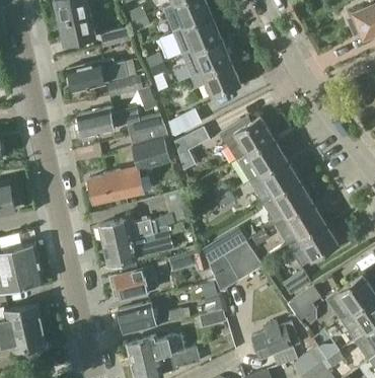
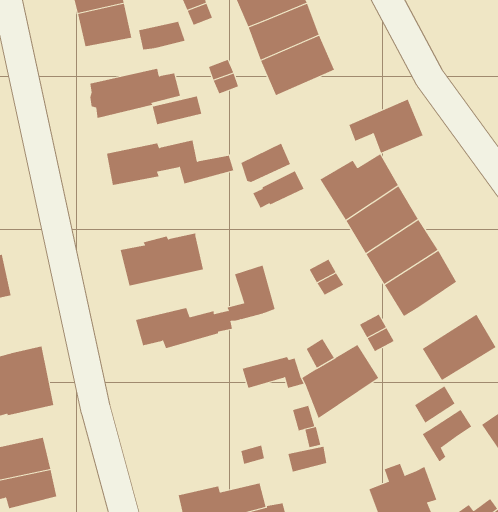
building: [191,60,240,96] -> [349,99,423,154]
building: [130,127,174,170] -> none
building: [286,201,324,245] -> none
building: [102,226,172,267] -> none
building: [111,266,154,297] -> none
building: [118,304,159,333] -> none

